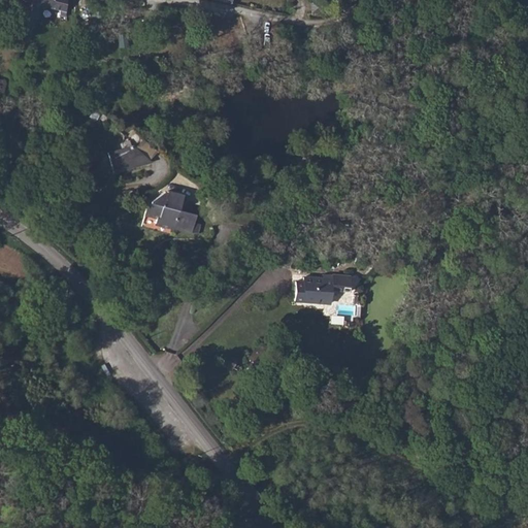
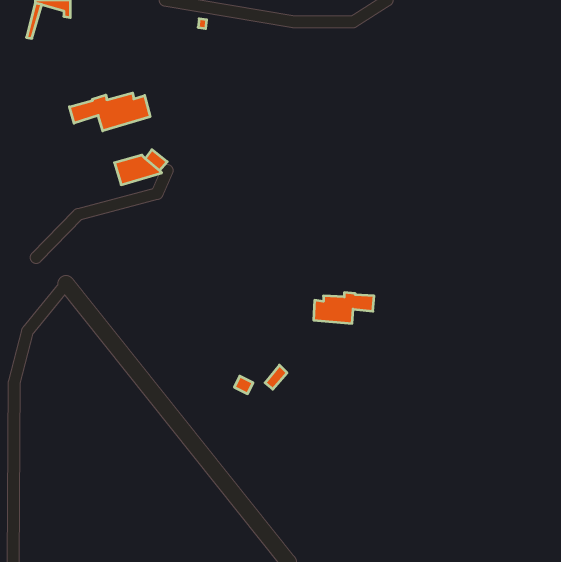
building: none -> [69,93,150,131]
building: [145,191,201,234] -> none

